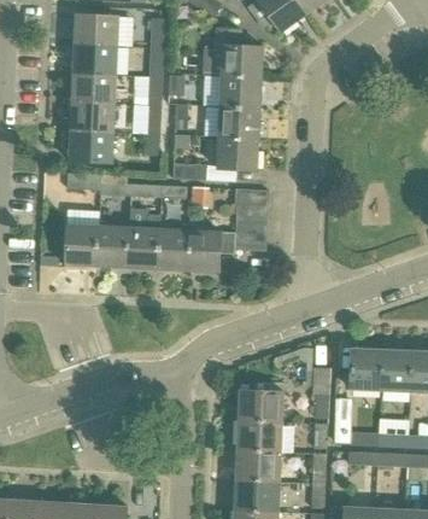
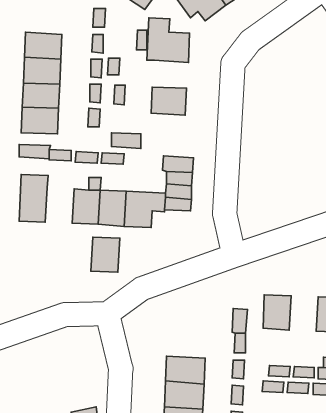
building: [72,16,116,47] -> none
building: [219,77,262,110] -> none
building: [217,139,258,170] -> none
building: [95,226,129,267] -> [91,237,120,272]
building: [379,351,412,392] -> none
building: [236,390,283,424] -> none

